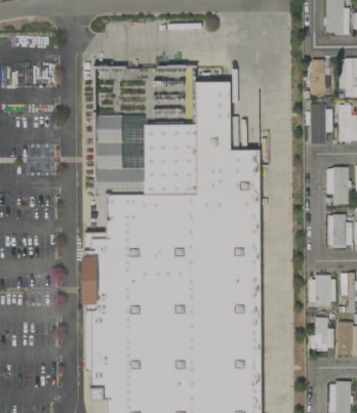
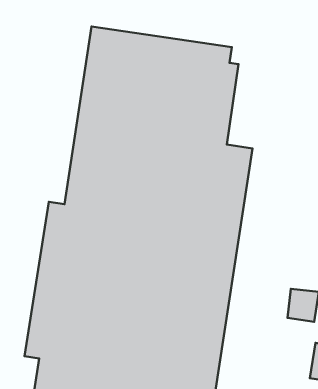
building: [311,318,335,350] -> none

